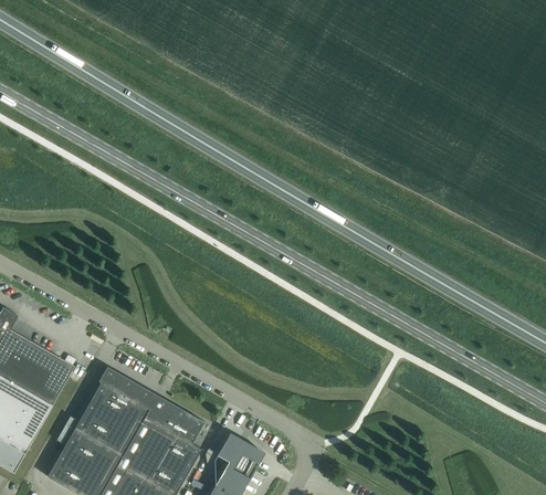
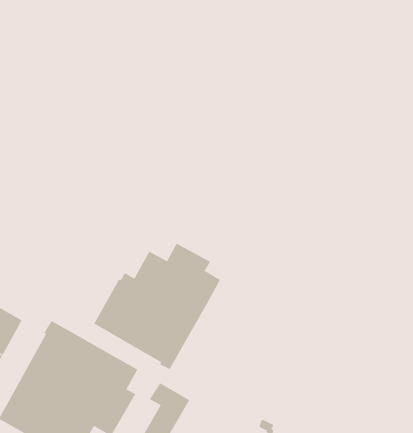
building: none -> [94,243,221,370]

